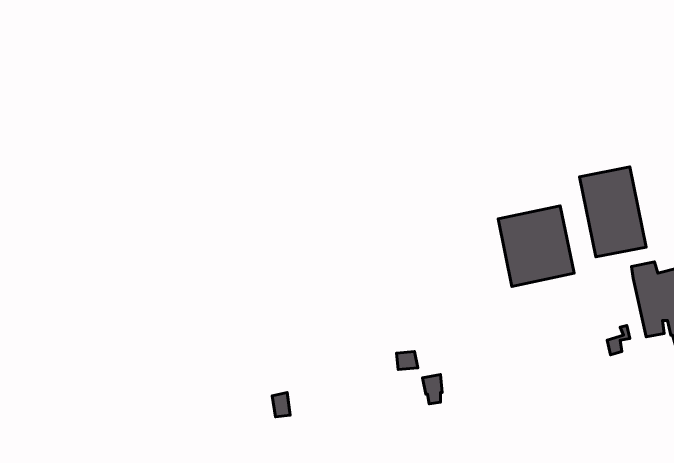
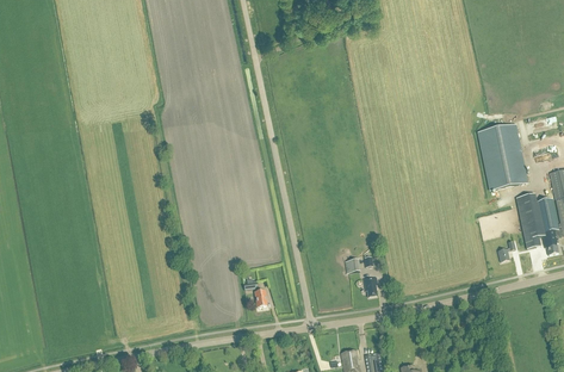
building: [498,206,574,286] -> none

